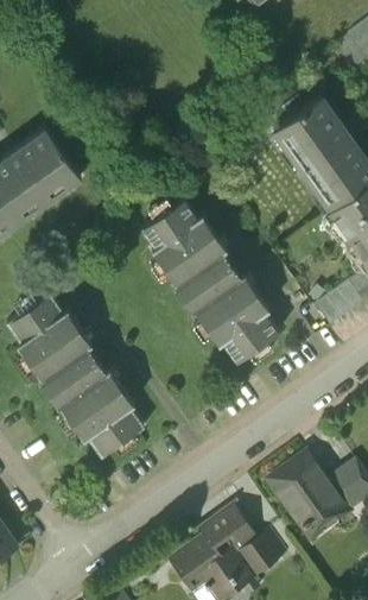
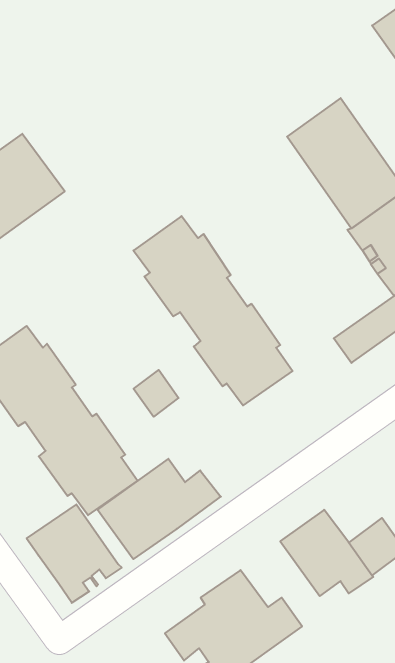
building: none -> [134,370,179,417]
building: none -> [97,459,221,559]
building: none -> [27,504,122,603]

